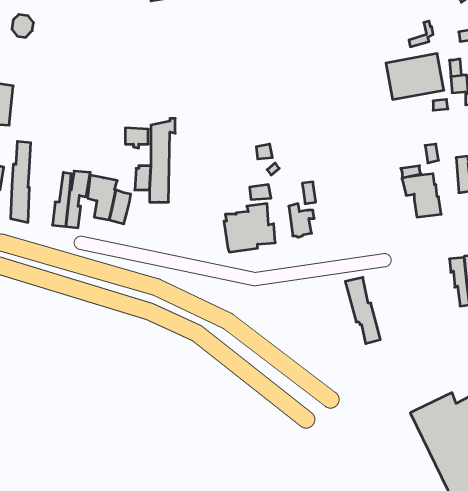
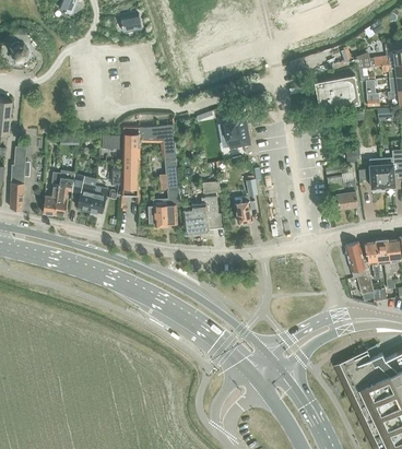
building: none -> [225,119,249,147]
building: none -> [143,125,180,226]
building: [345,277,380,344] -> [345,241,374,295]

